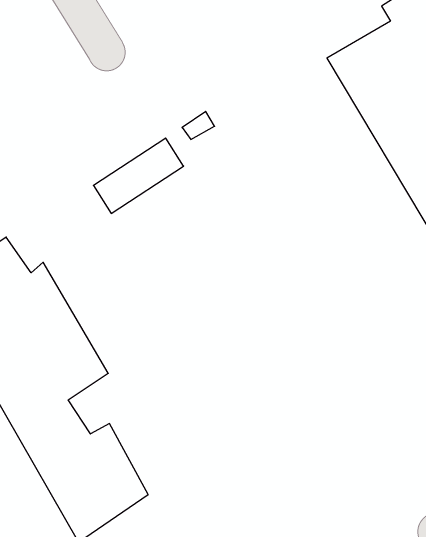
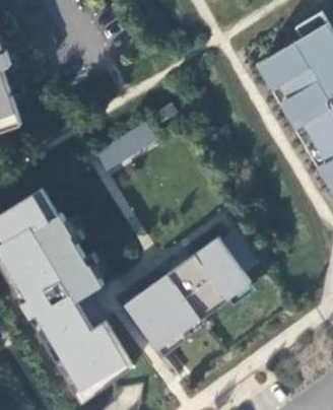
building: none -> [124,232,258,351]

